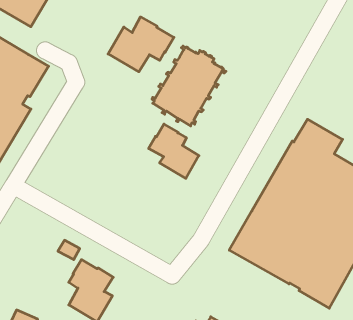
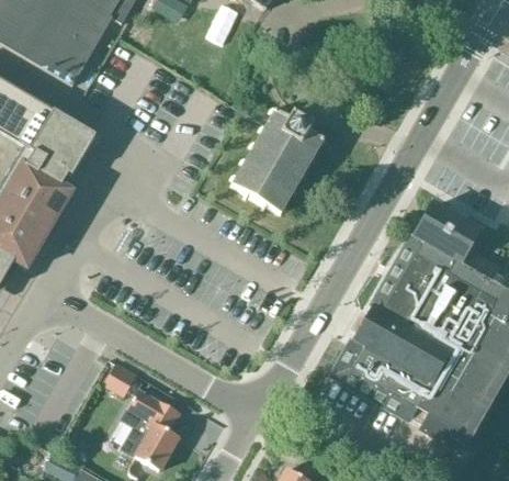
building: [108,17,174,72] -> none
building: [149,124,199,178] -> none

